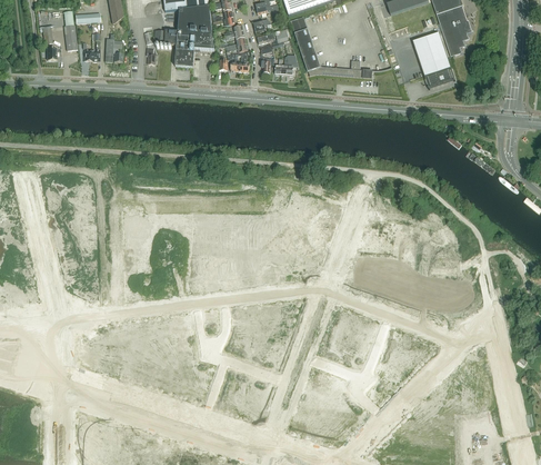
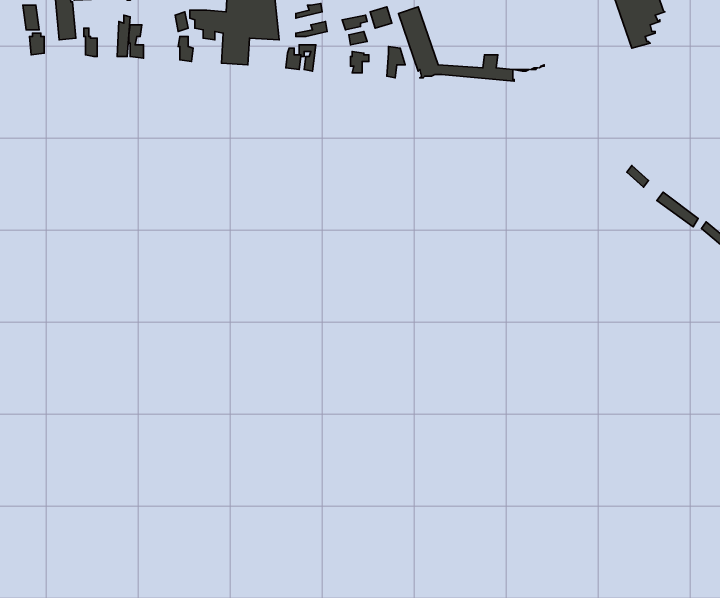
building: [412,30,451,83] -> none

